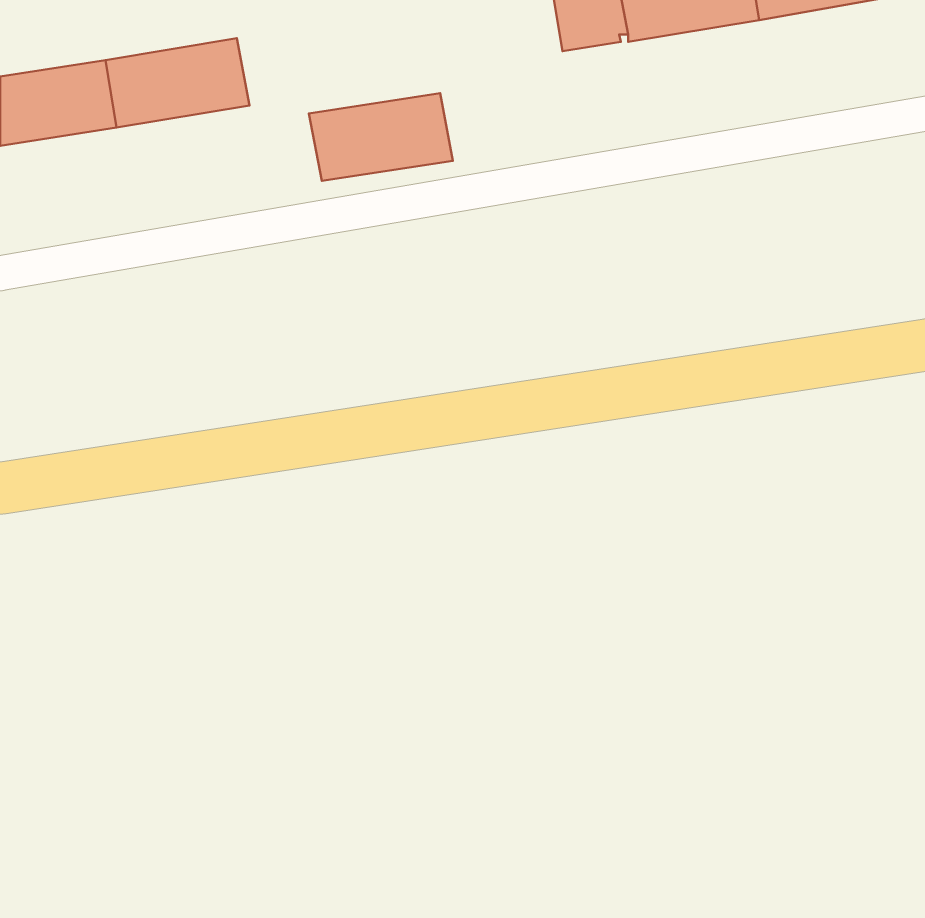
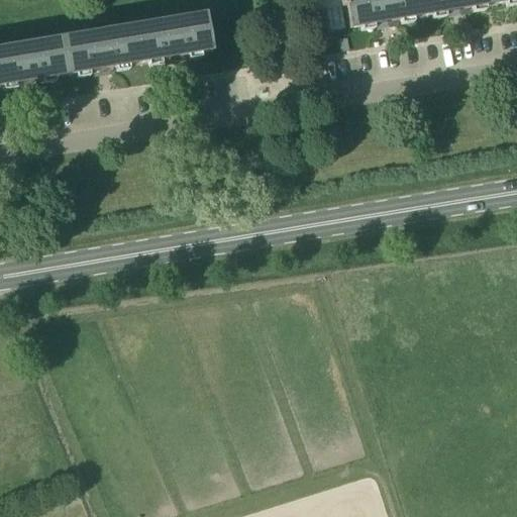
building: [309,93,453,181] -> [134,10,214,59]

